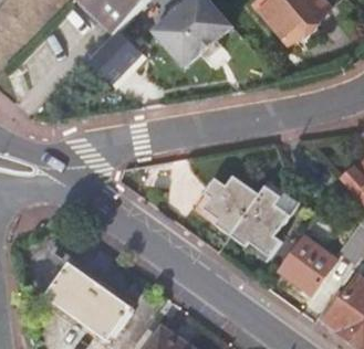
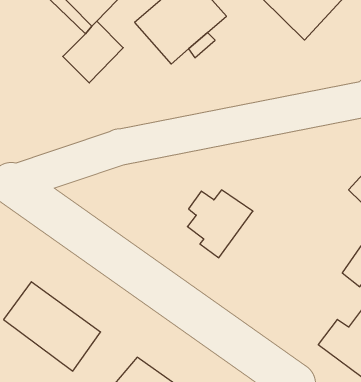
building: [228,178,298,260] -> none
building: [277,232,336,293] -> none

